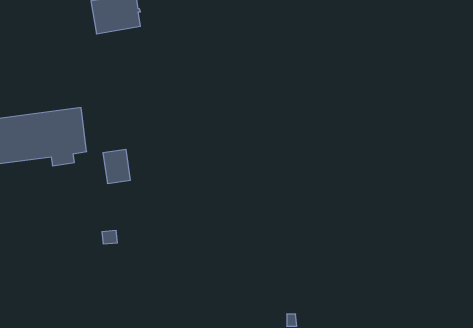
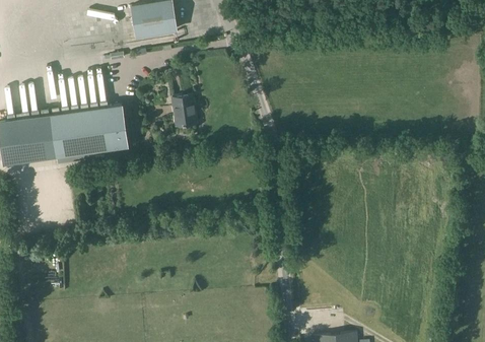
building: [103,149,130,183] -> [167,95,193,127]

